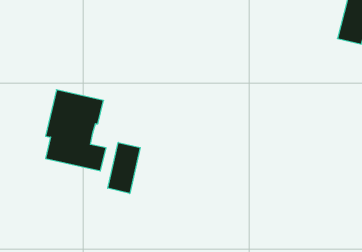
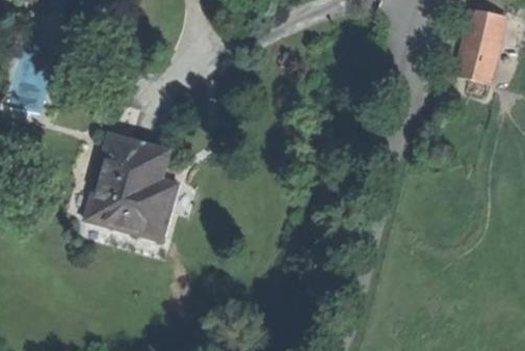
building: [108,142,140,194] -> none

